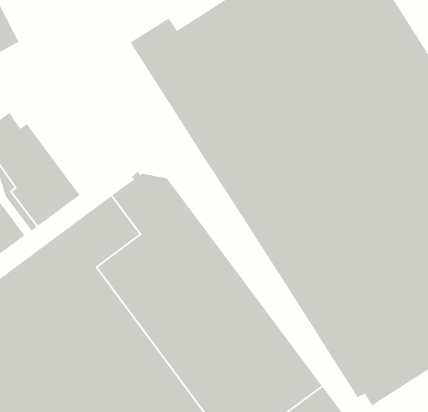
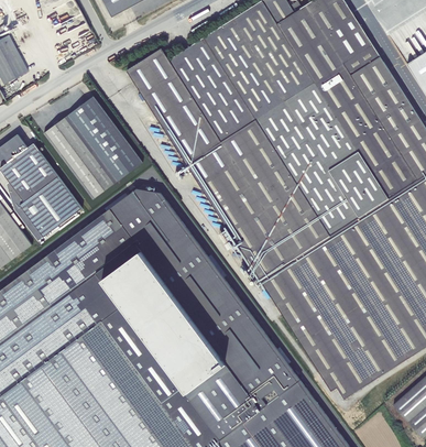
building: none -> [44,96,143,199]

